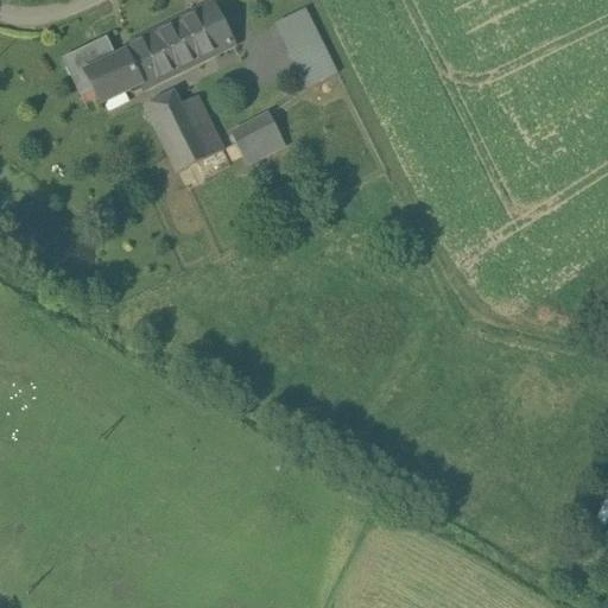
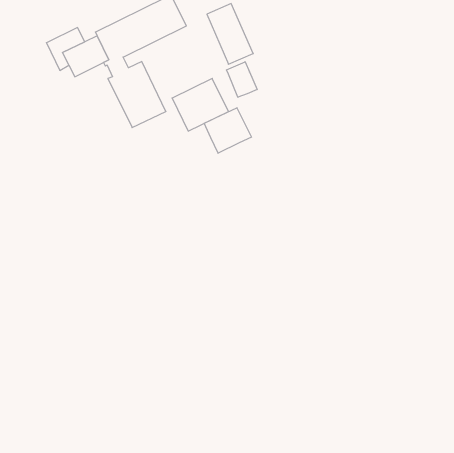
building: none -> [227,62,257,97]
building: none -> [204,108,251,153]

